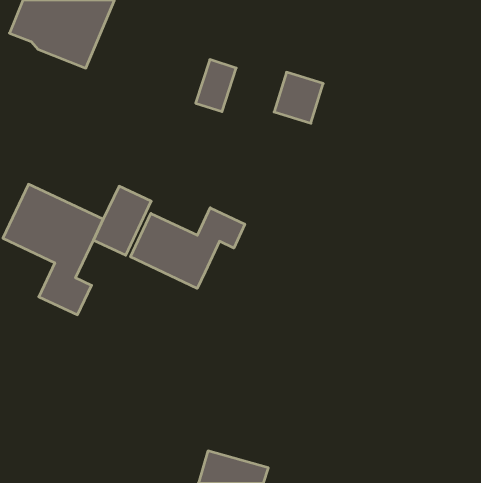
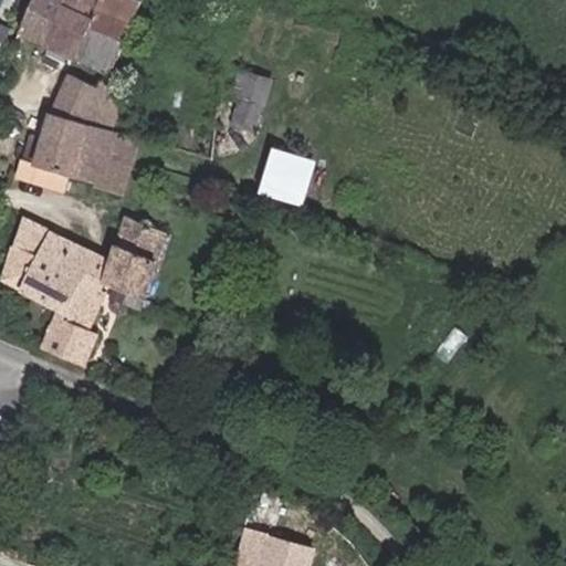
building: none -> [10,74,135,196]
building: [274,72,323,123] -> [255,148,313,208]
building: [131,208,245,288] -> none

